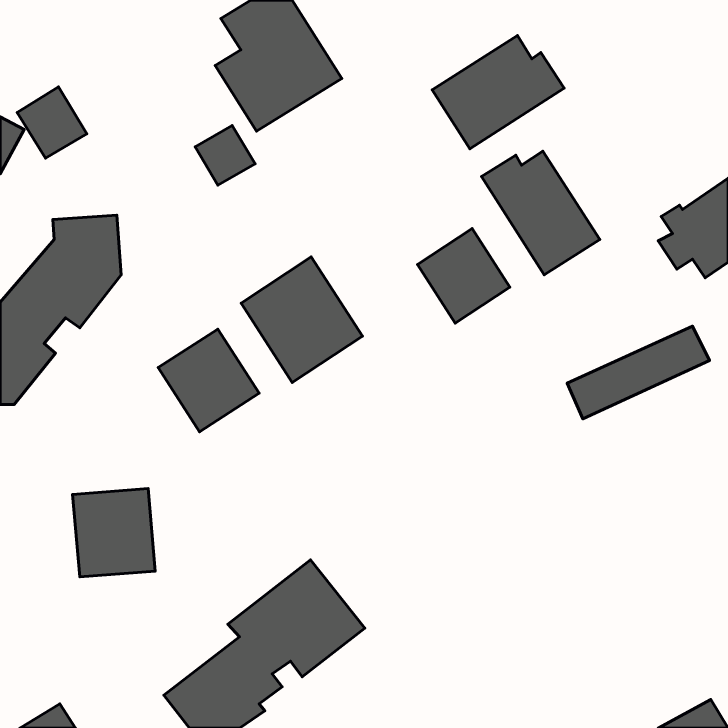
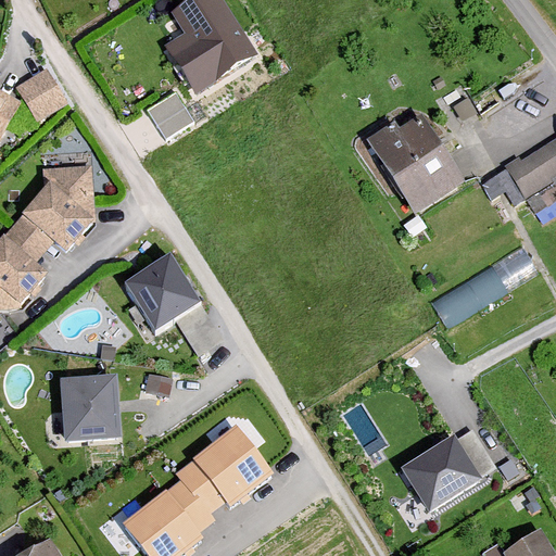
building: [432,36,564,149] -> none
building: [417,229,510,323] -> none
building: [241,257,362,382] -> none
building: none -> [402,432,496,516]

